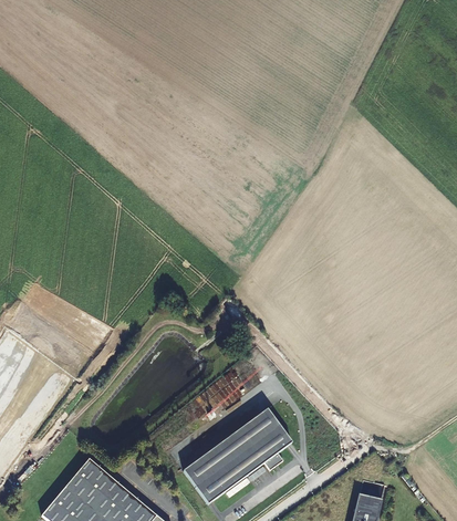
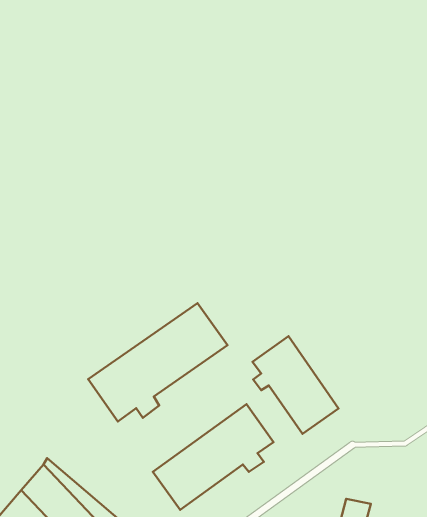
building: none -> [88,303,227,421]
building: none -> [252,336,339,434]

